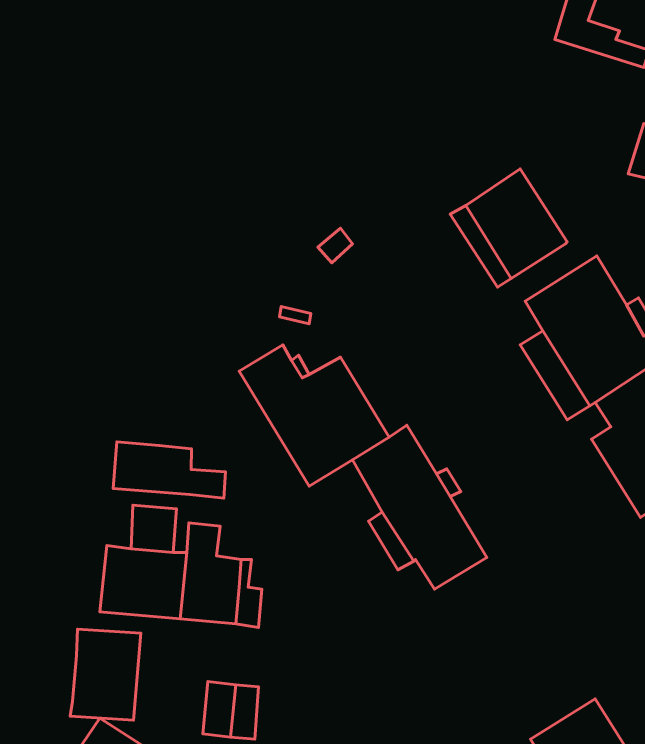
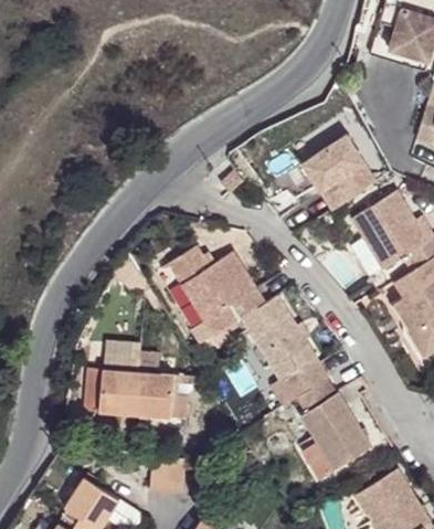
building: [113,442,225,498] -> none
building: none -> [293,379,372,479]
building: [70,629,141,720] -> none

